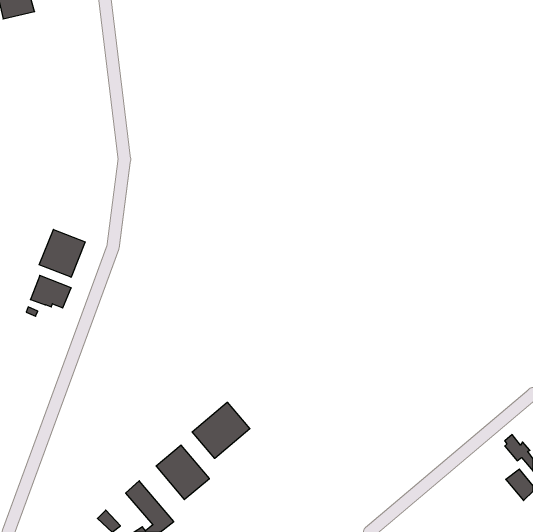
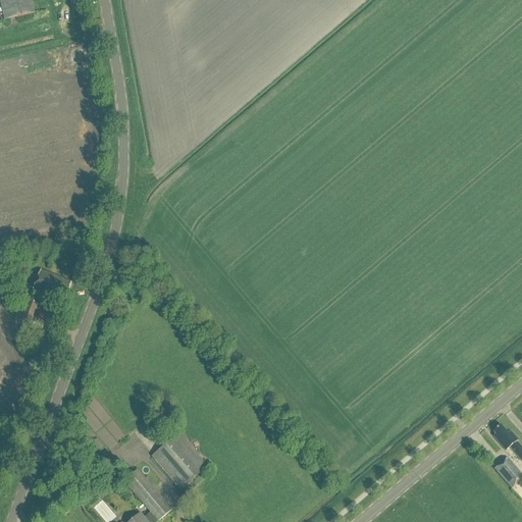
building: [39,229,85,277] -> none
building: [192,402,250,458] -> none

